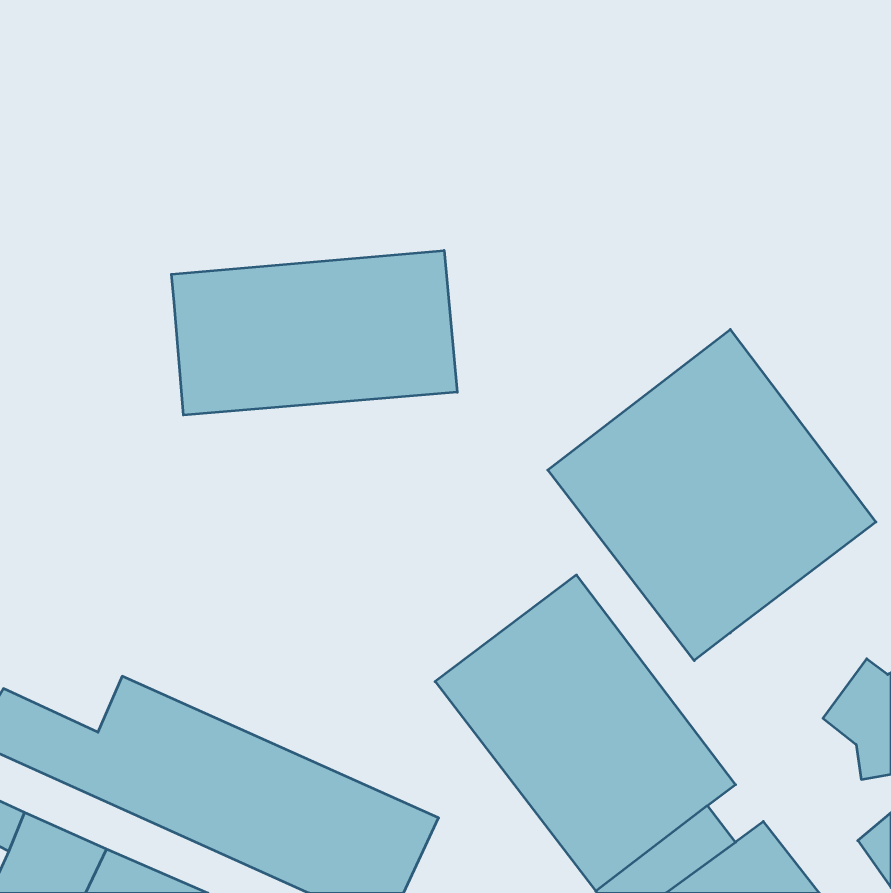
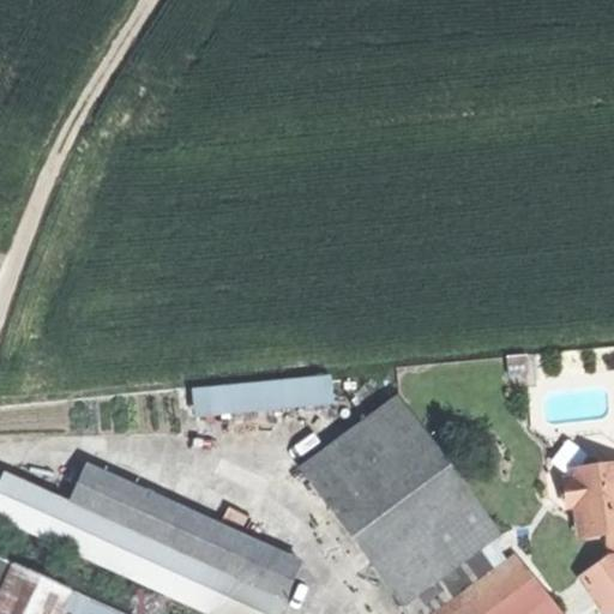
building: [171,250,457,415] -> none
building: [548,329,876,661] -> none
building: none -> [191,373,333,415]

